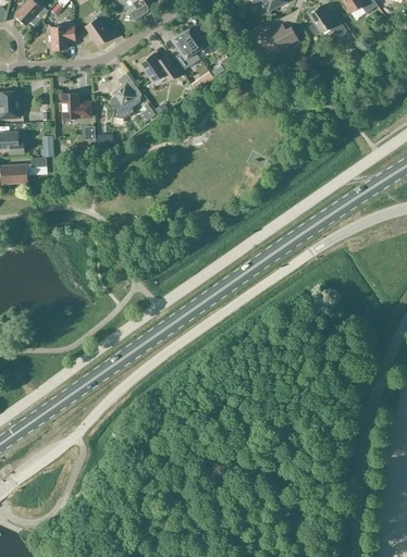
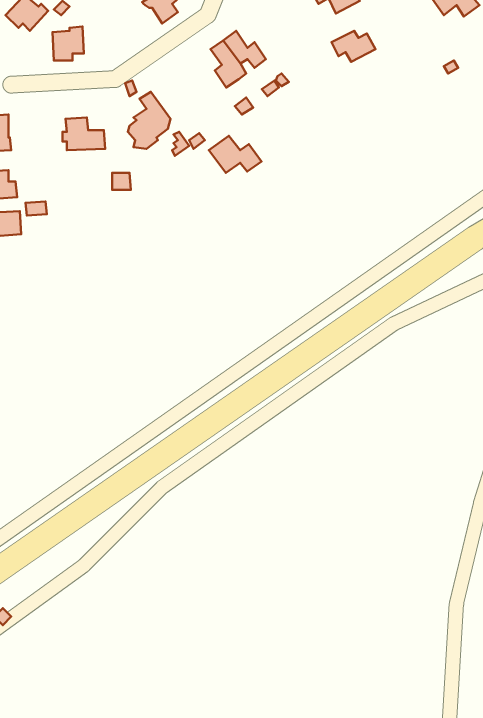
building: [308,8,346,38] -> none
building: [85,11,113,45] -> none
building: [138,53,178,82] -> [209,136,262,173]

